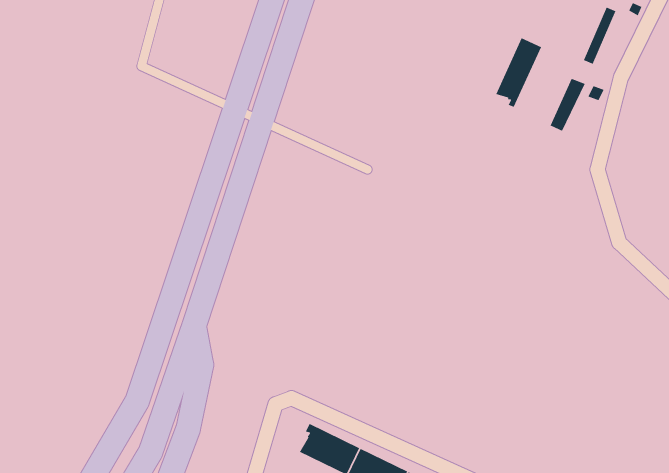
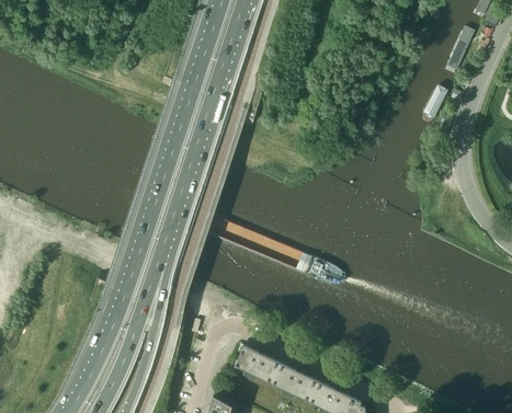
building: [495,37,542,108] -> none

